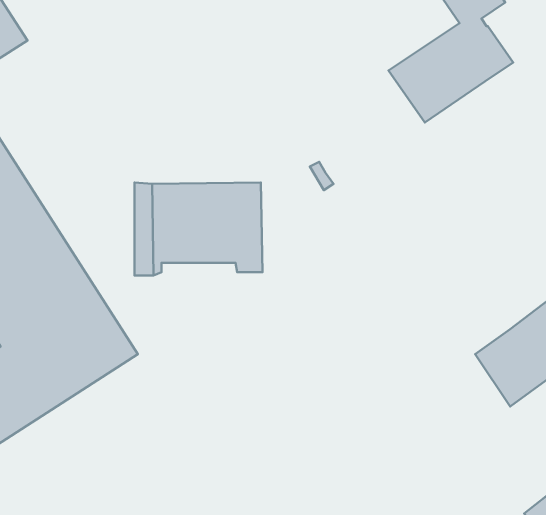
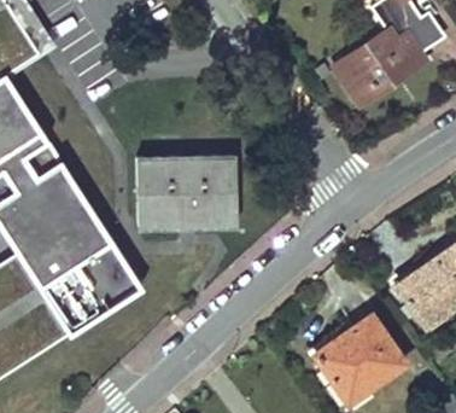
building: none -> [316,315,405,403]

